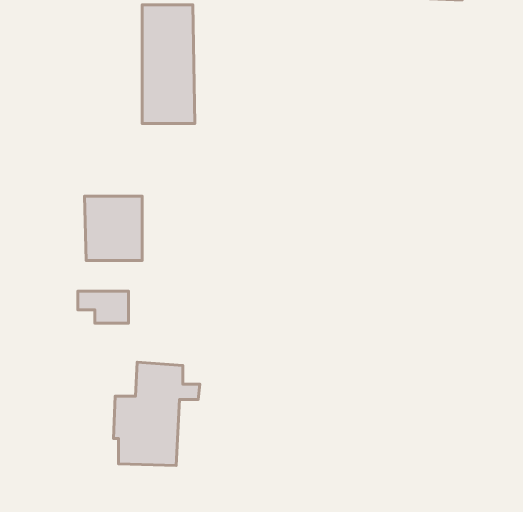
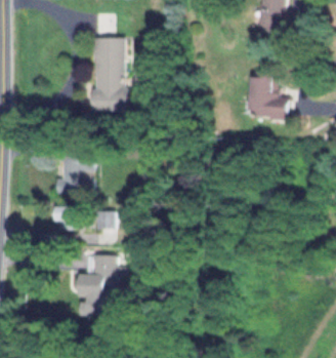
building: none -> [248,73,290,118]
building: none -> [95,211,118,228]

